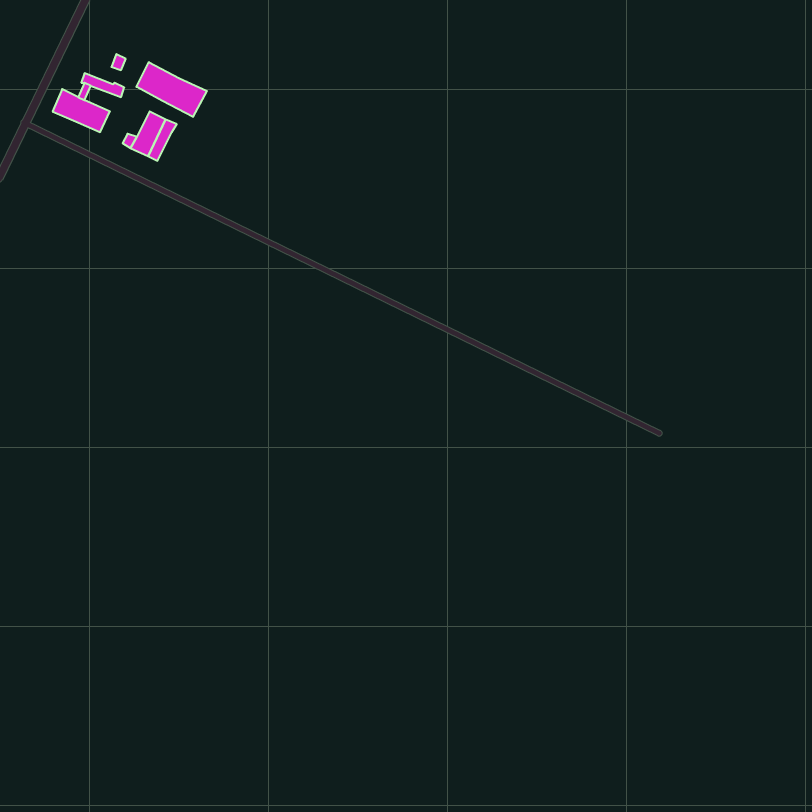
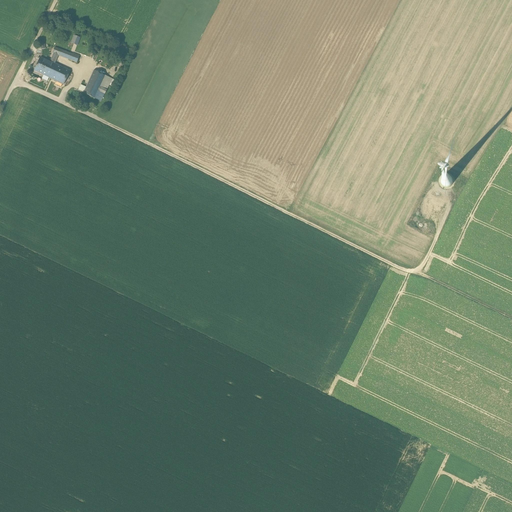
building: [136,62,207,117] -> none

